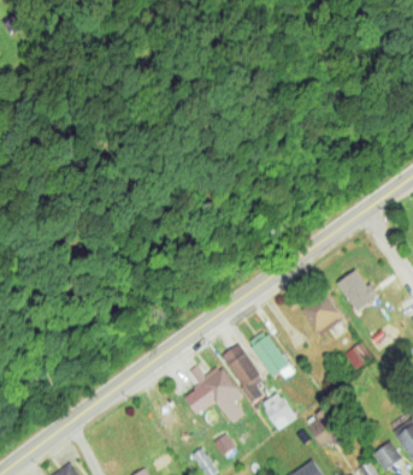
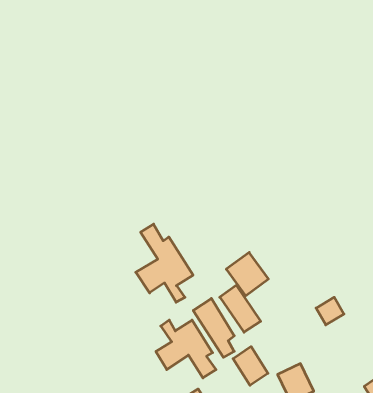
building: [337,269,377,313] -> none
building: none -> [136,224,193,302]
building: [301,293,343,337] -> [226,252,268,296]

